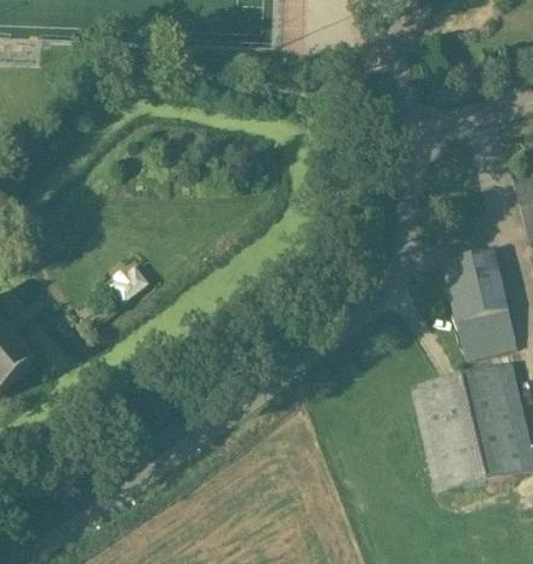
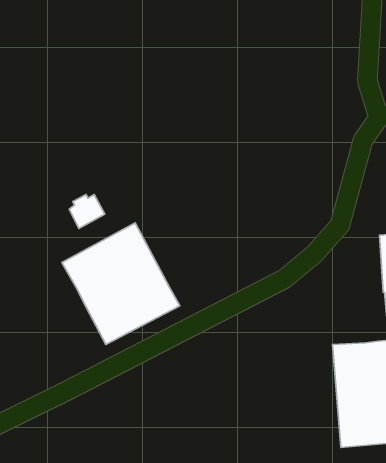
building: none -> [62,223,180,345]

